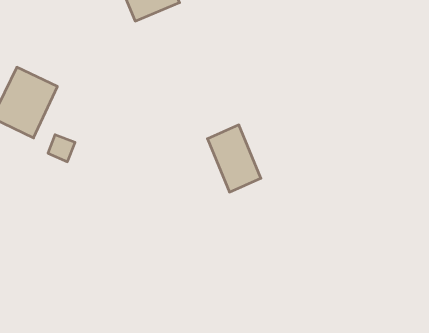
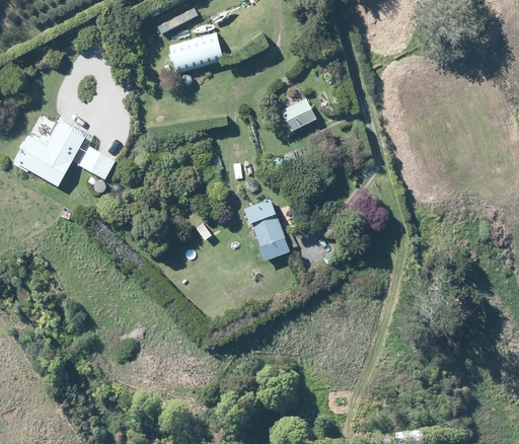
building: none -> [280,98,317,132]
building: [48,135,75,162] -> [82,145,113,175]

